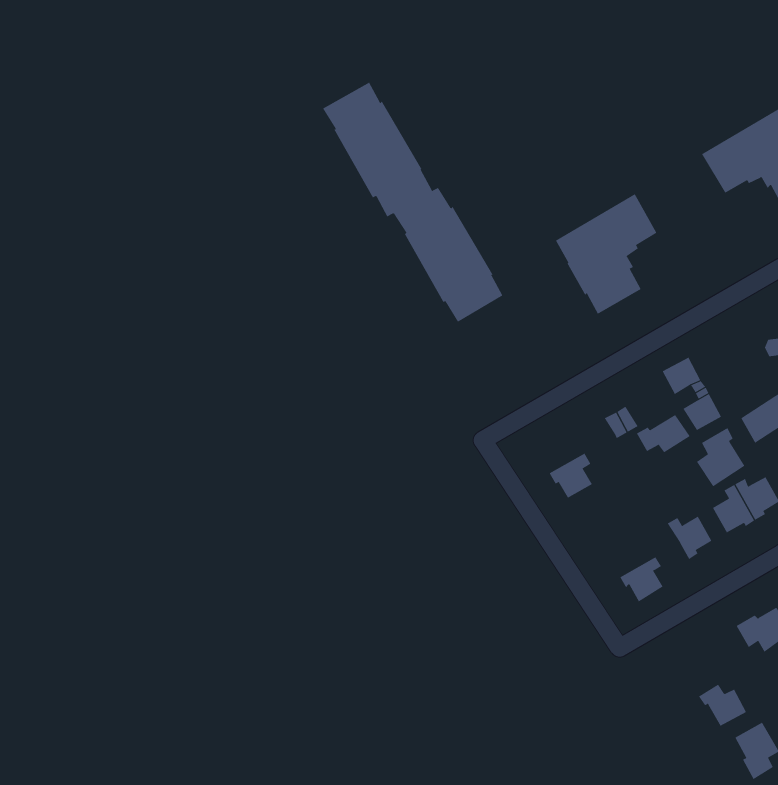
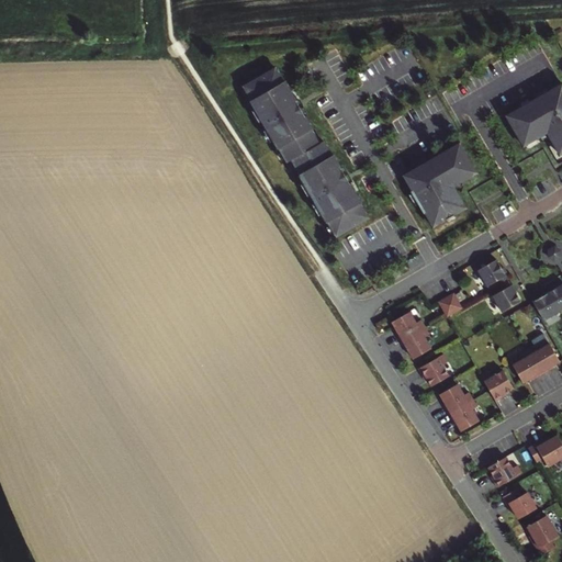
building: [636,414,690,453] -> none
building: [696,427,745,487] -> none
building: none -> [392,311,425,340]
building: none -> [418,353,449,385]
building: none -> [440,383,474,413]
building: none -> [490,456,524,486]

